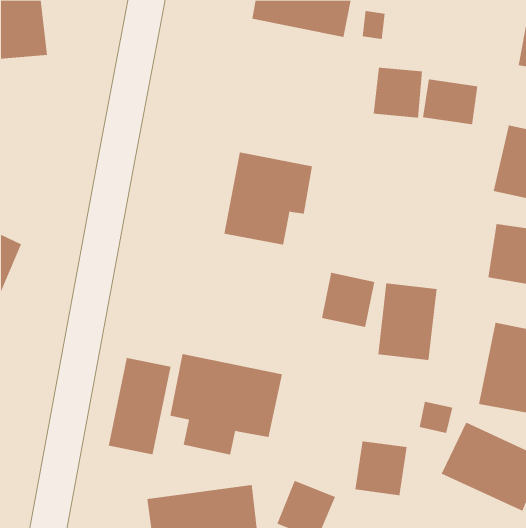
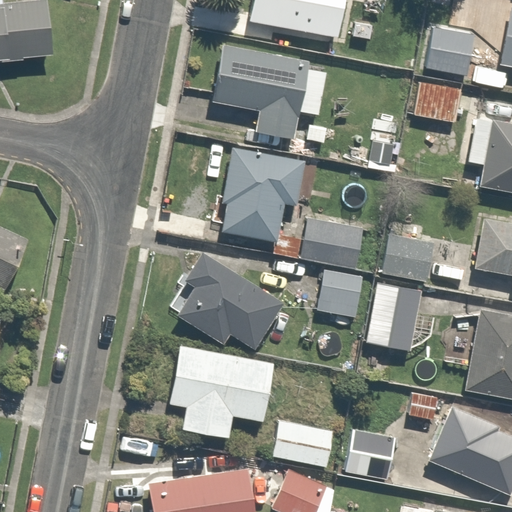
building: none -> [213,46,313,144]
building: [373,67,423,118] -> [427,26,475,75]
building: none -> [300,214,368,268]
building: none -> [376,234,431,281]
building: none -> [168,254,285,352]
building: [108,357,171,455] -> none
building: none -> [272,419,338,468]

